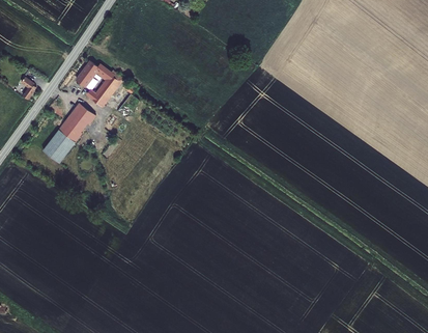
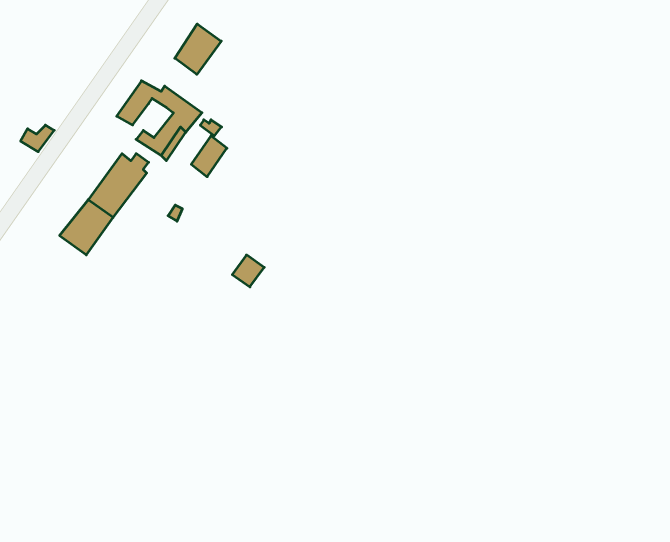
building: none -> [175,24,221,74]

